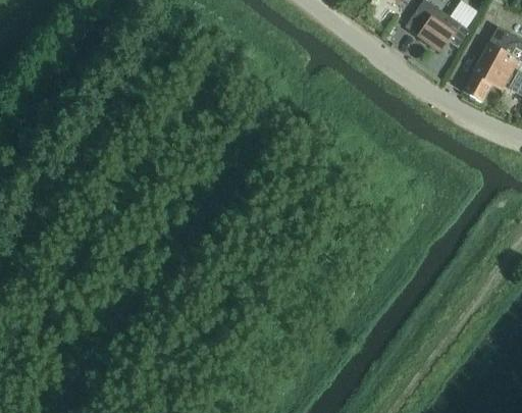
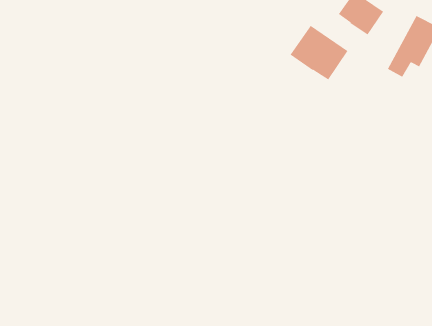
building: none -> [290,25,348,81]

